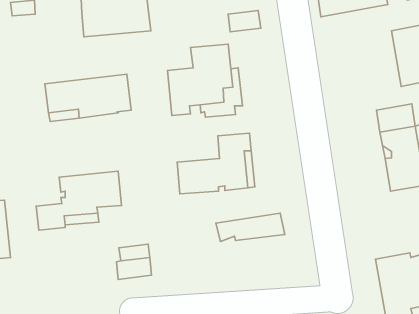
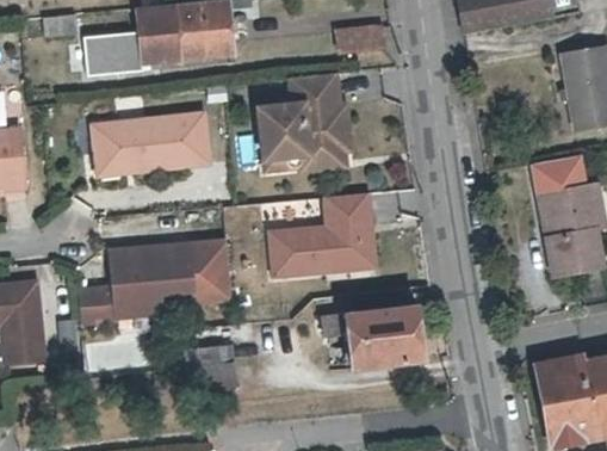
building: none -> [83,30,144,74]
building: none -> [190,240,231,299]
building: none -> [348,329,419,366]

